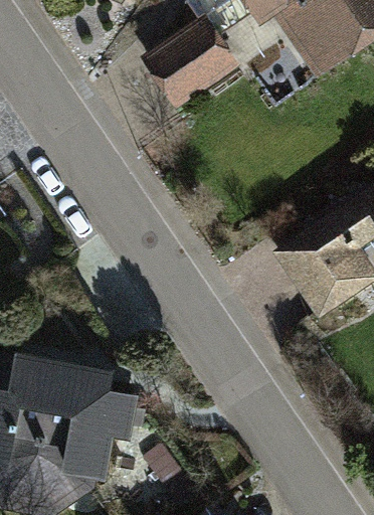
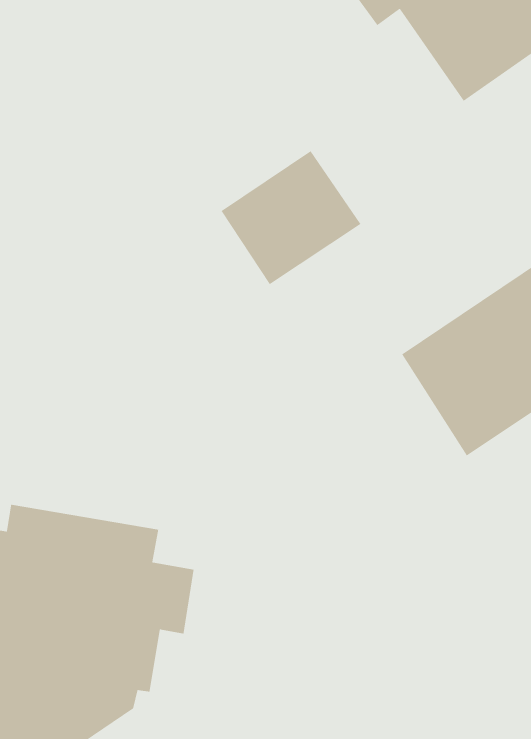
building: [144,15,239,107] -> [220,150,361,285]

